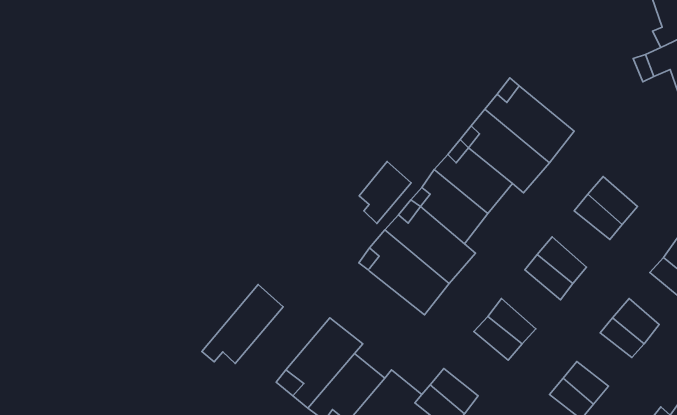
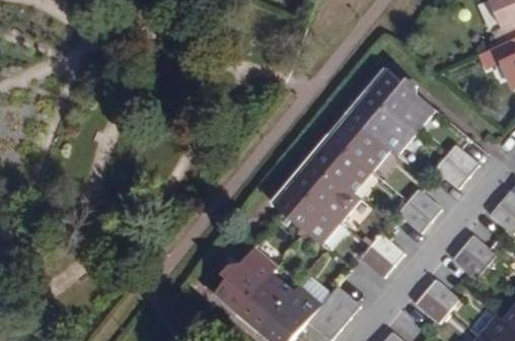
building: [359,162,411,224] -> none
building: [202,284,283,364] -> none

